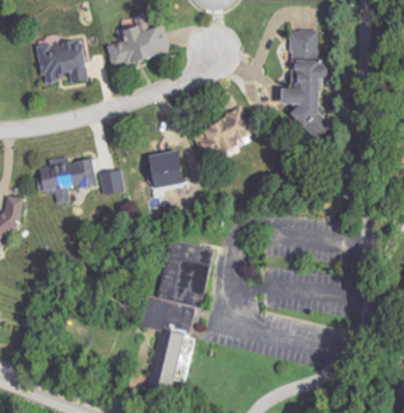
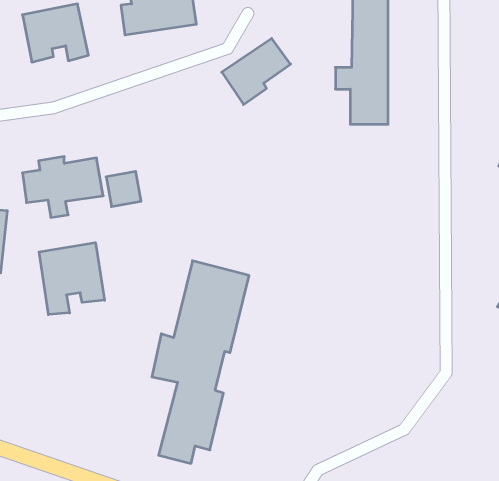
building: [203,105,256,156] -> [222,38,291,105]
building: [147,152,183,189] -> none
building: none -> [39,243,105,315]

